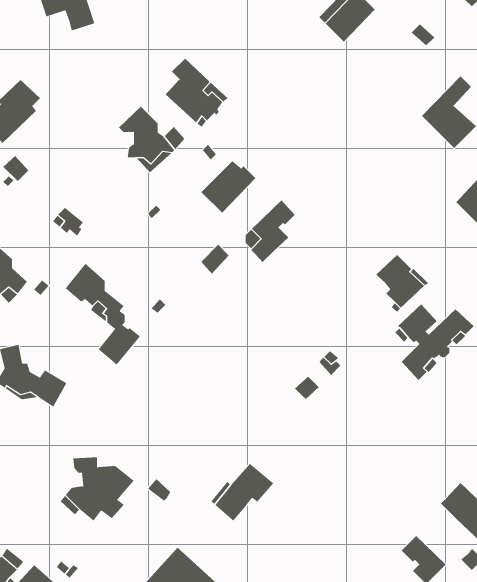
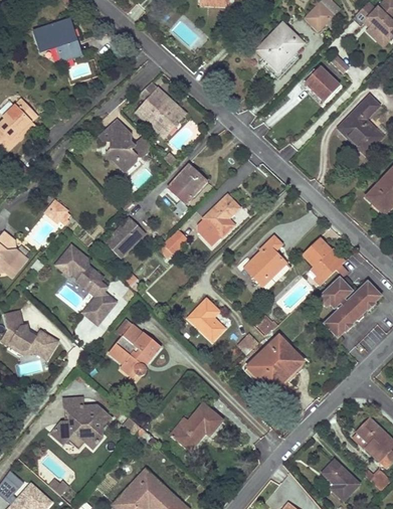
building: none -> [305,66,339,101]
building: none -> [106,219,144,258]
building: none -> [245,235,285,284]
building: none -> [188,298,224,340]
building: none -> [109,319,162,374]
building: none -> [248,335,302,391]

